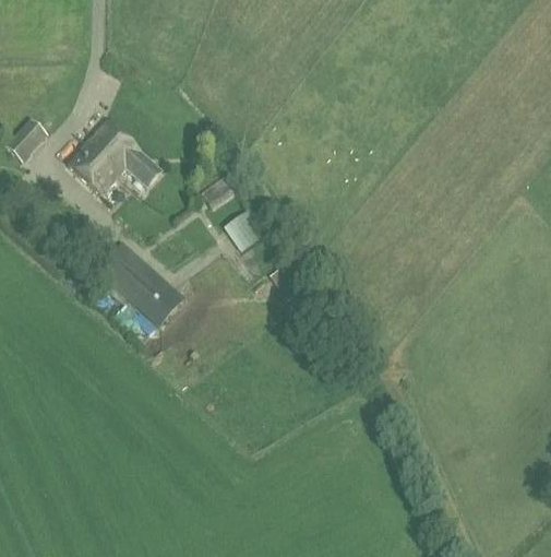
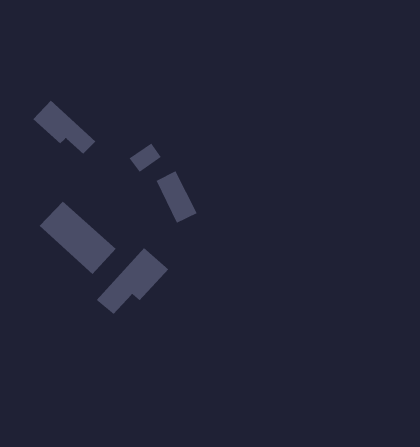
building: [67,145,118,195] -> none
building: none -> [96,247,169,315]

